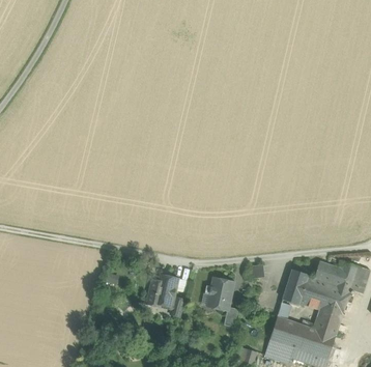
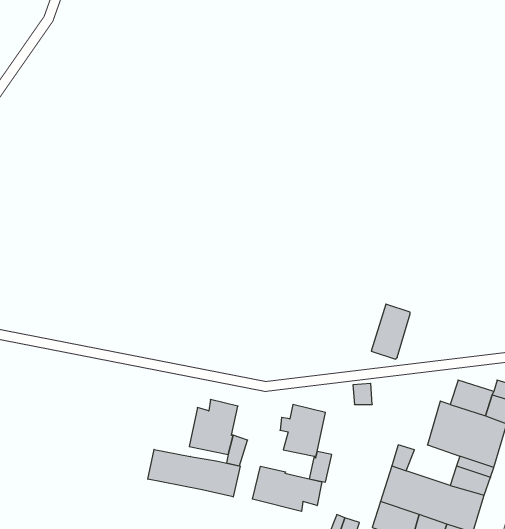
building: [283,269,308,304] -> [371,304,410,359]
building: none -> [148,449,240,497]
building: none -> [252,466,322,511]

